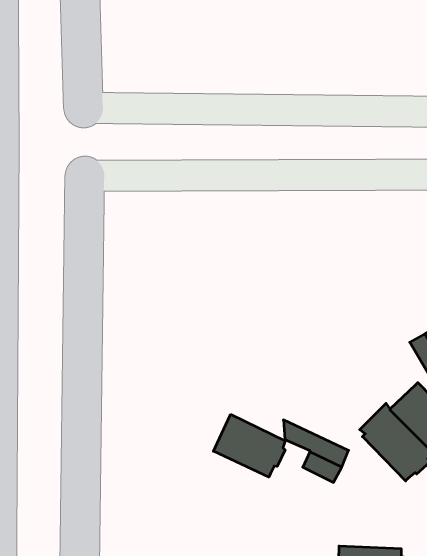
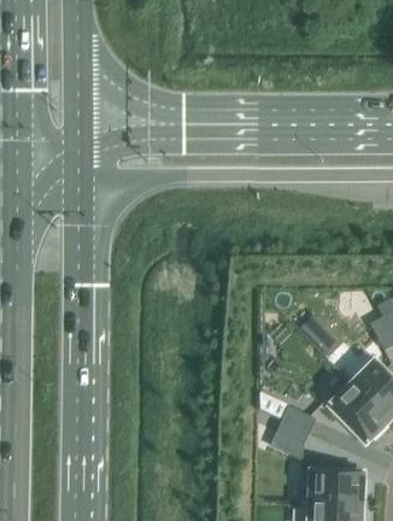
building: [213,415,285,477] -> none
building: none -> [301,467,364,503]

